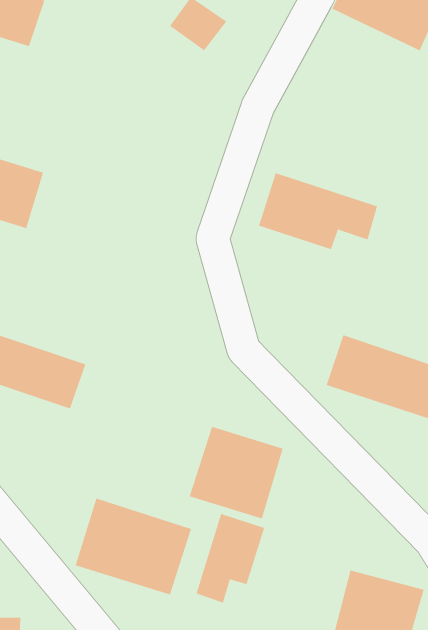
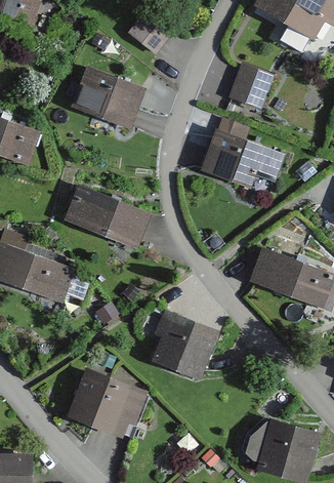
building: none -> [231,63,277,112]
building: none -> [69,70,144,129]
building: none -> [64,186,150,245]
building: [196,513,265,603] -> none

